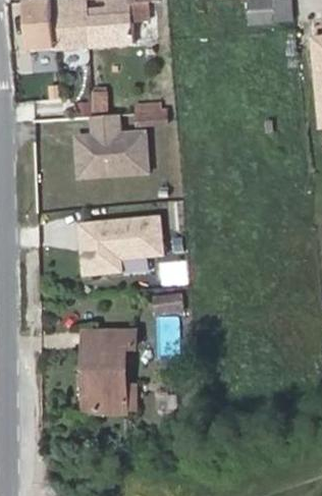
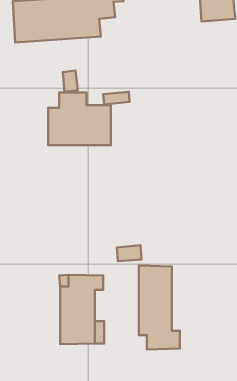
building: [72,212,161,276] -> none
building: none -> [139,266,180,349]

